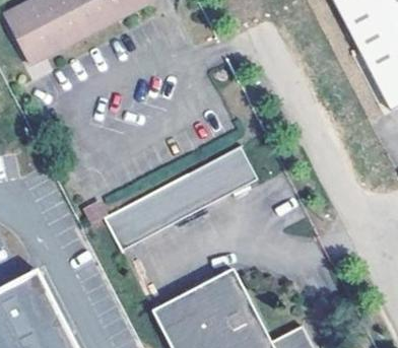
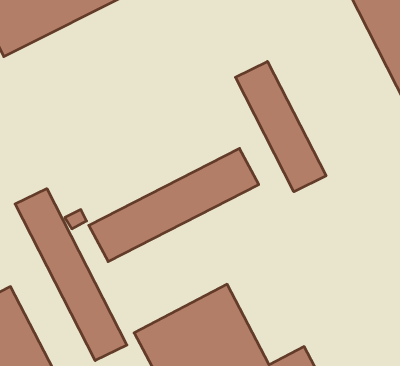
building: none -> [235,61,326,192]
building: none -> [15,189,127,361]

